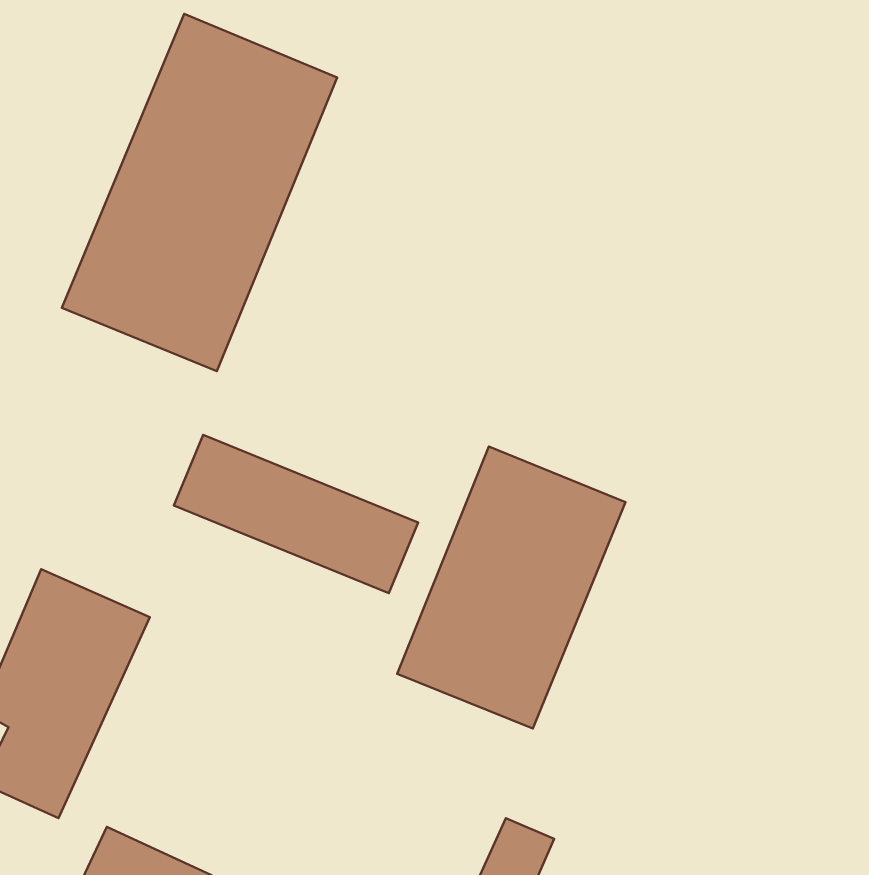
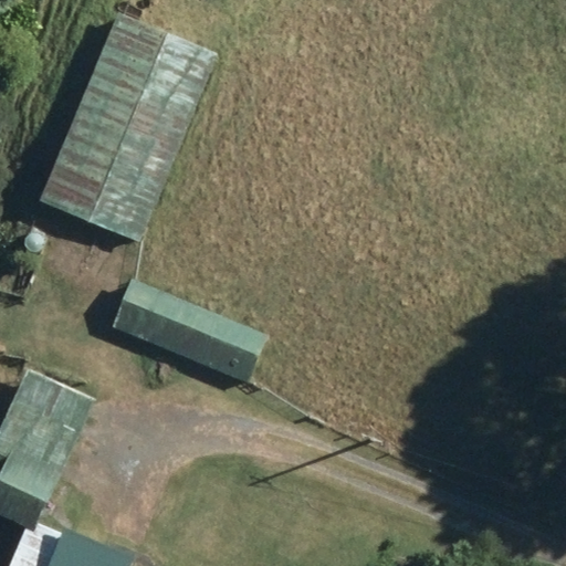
building: [397,446,626,728] -> none

